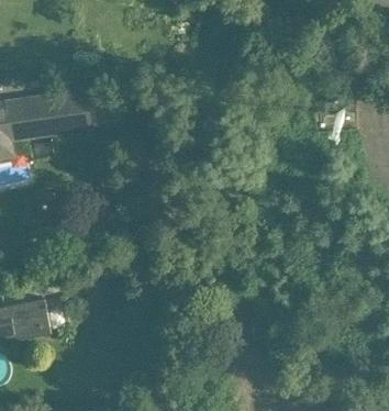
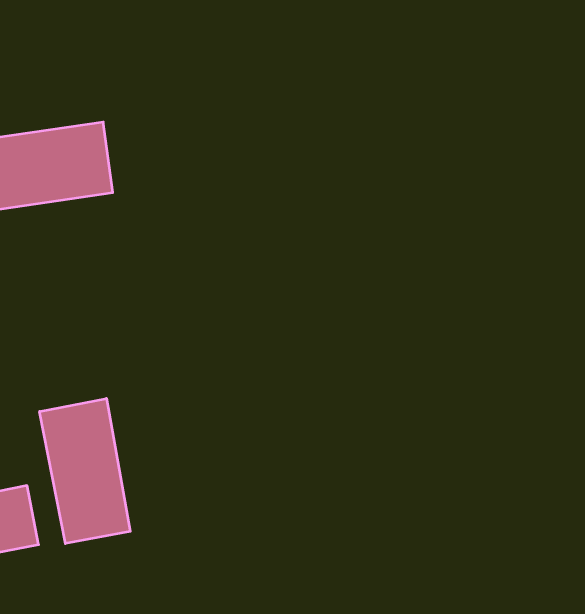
building: none -> [40,398,130,544]

